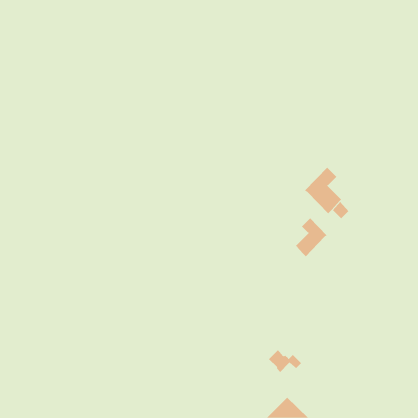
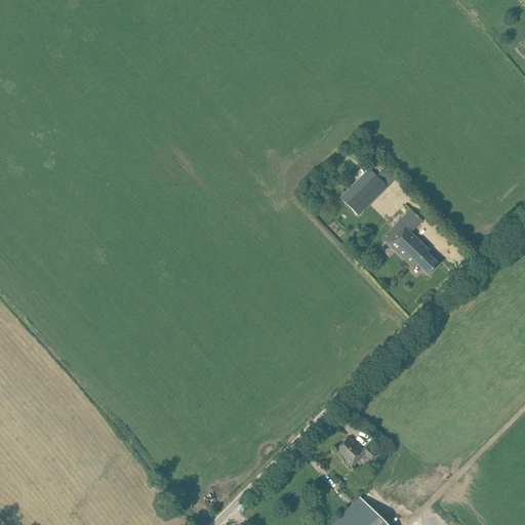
building: none -> [339,168,388,216]
building: [295,217,327,257] -> none

